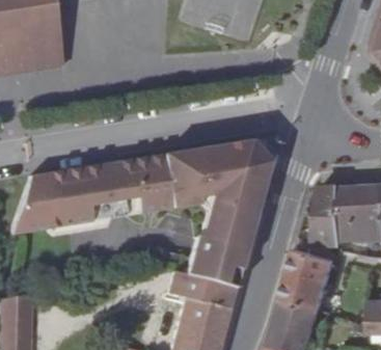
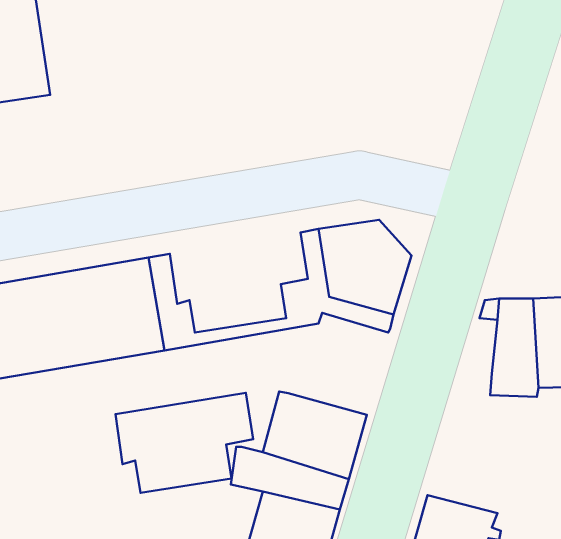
building: [134,145,214,204] -> [115,393,253,493]
building: [202,192,261,251] -> none
building: [283,246,338,308] -> none

